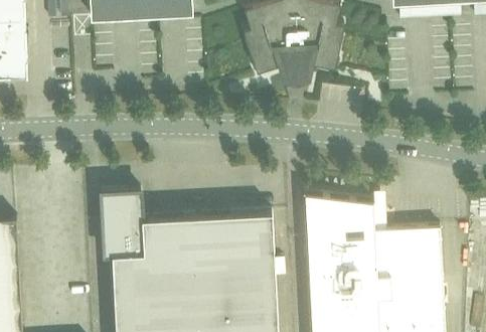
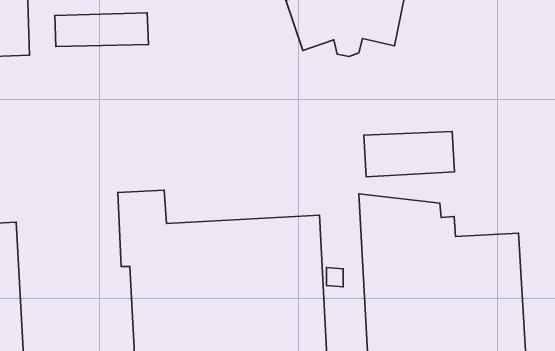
building: none -> [55,13,148,46]
building: none -> [364,132,454,177]

